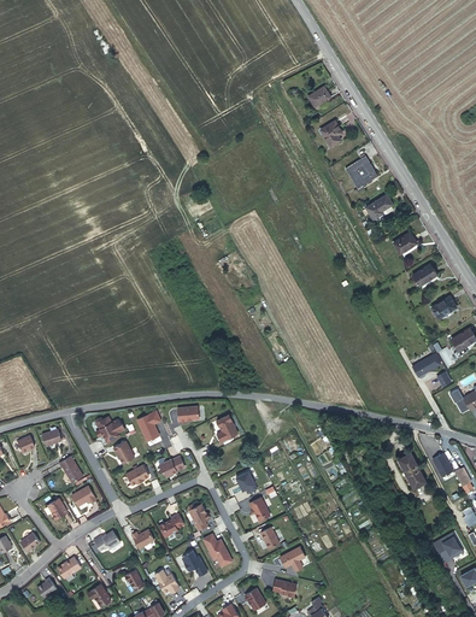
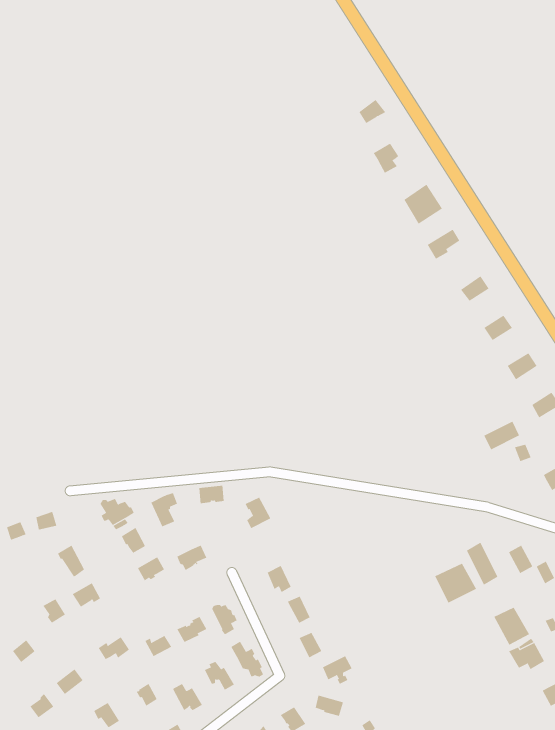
building: none -> [434,563,477,603]
building: none -> [494,607,530,646]

